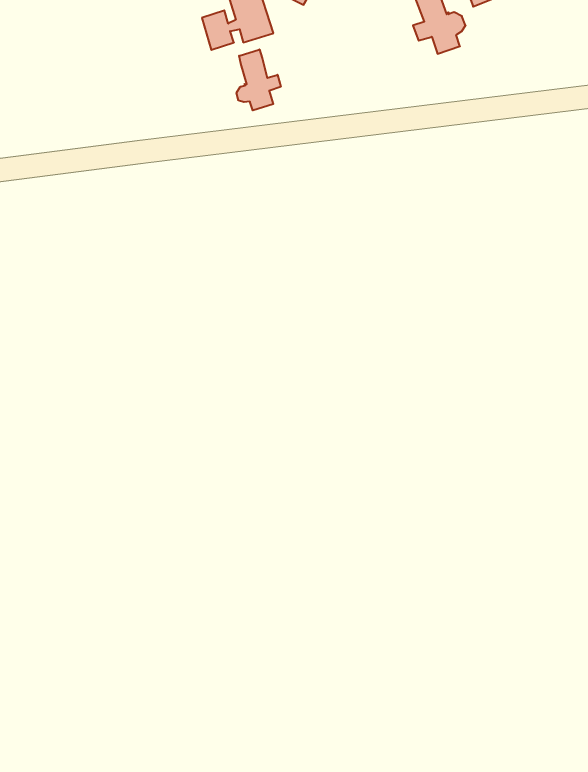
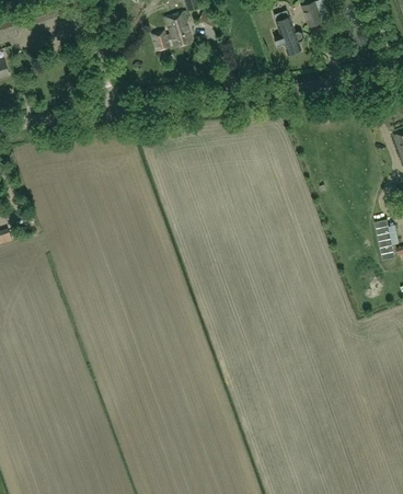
building: [237,49,281,110] -> none

